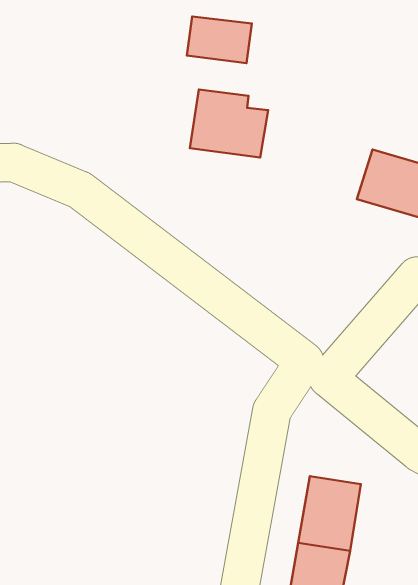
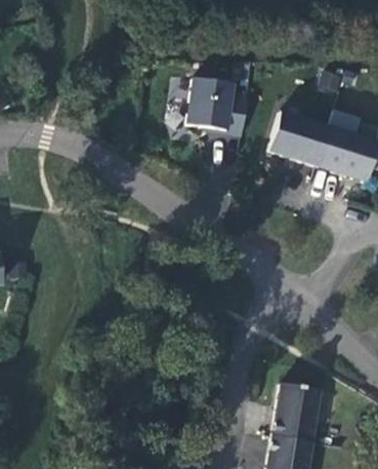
building: [187,16,252,63] -> none
building: none -> [266,111,327,164]

